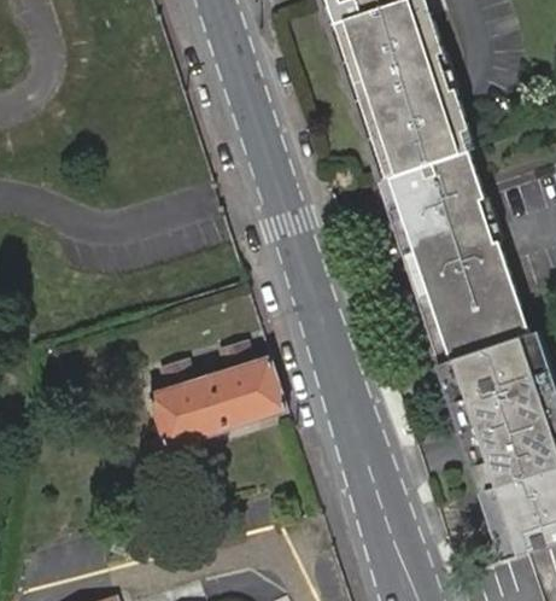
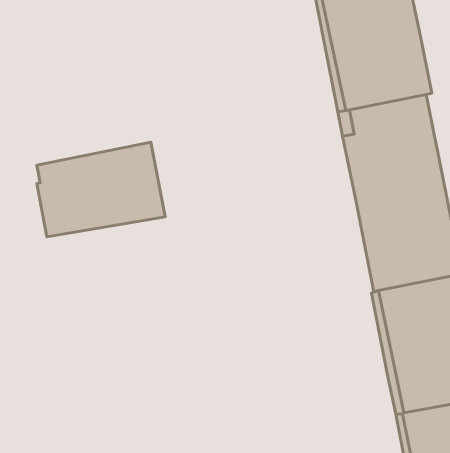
building: [148,350,292,465] -> [37,142,165,237]

